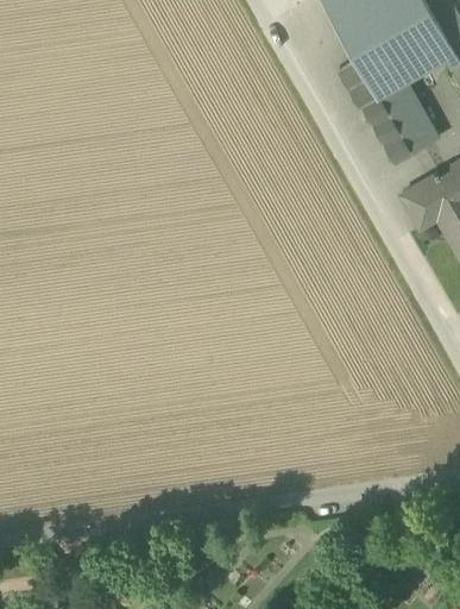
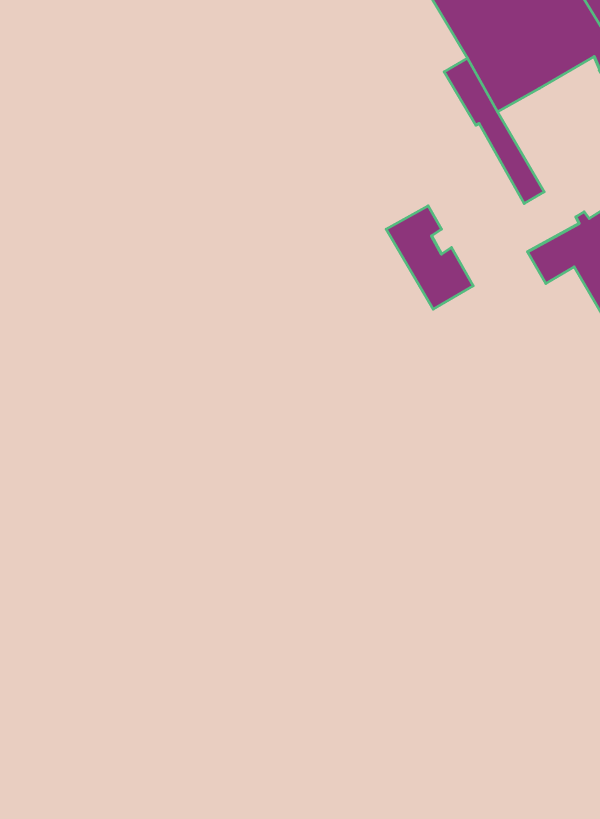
building: [377,77,439,151] -> [386,206,473,309]

